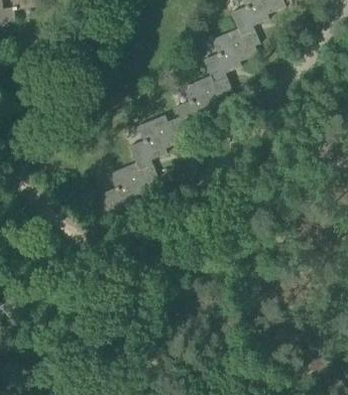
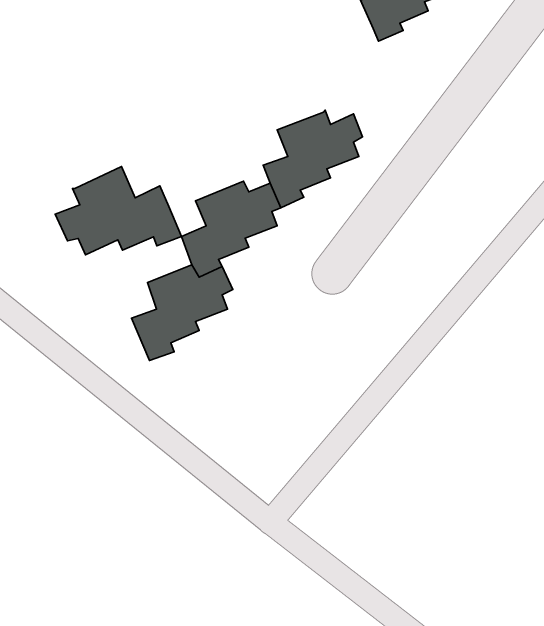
building: [202,28,259,83] -> none
building: none -> [55,167,181,255]

